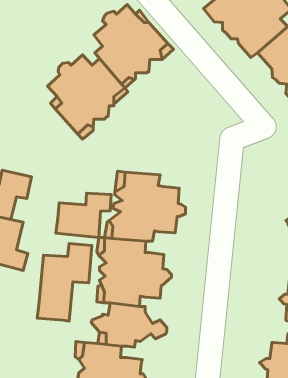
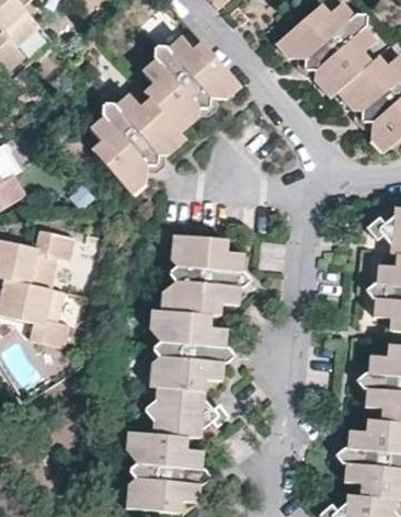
building: [56,193,111,237] -> none
building: [37,244,92,321] -> none

